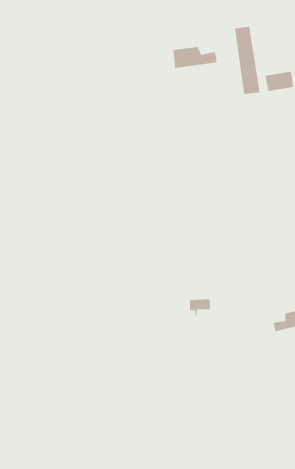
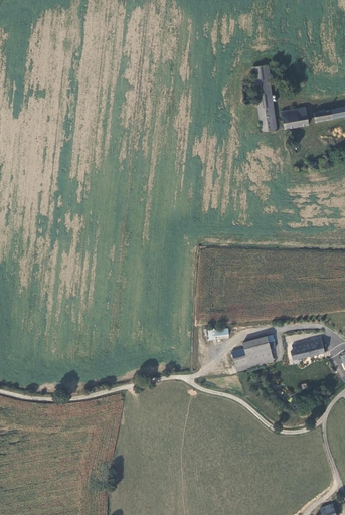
building: [172,46,218,69] -> none
building: none -> [233,335,274,368]

